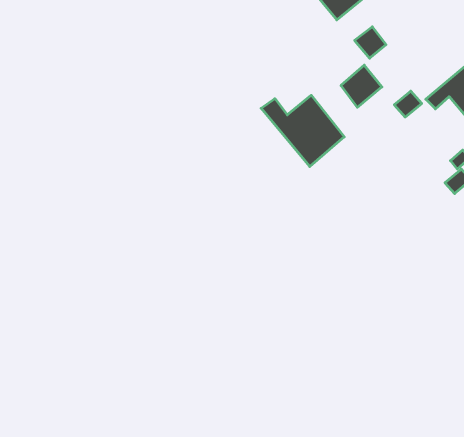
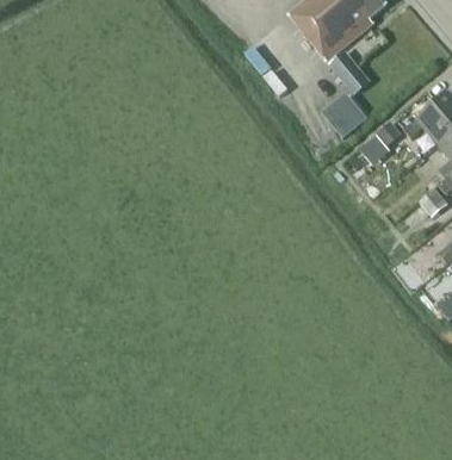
building: [261,95,344,167] -> none

